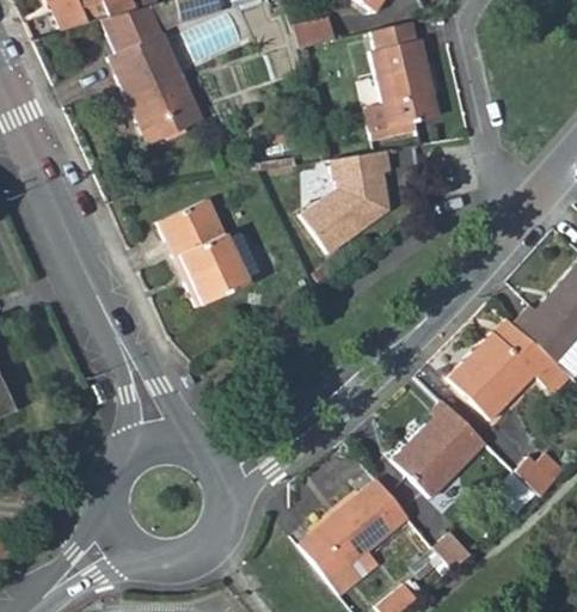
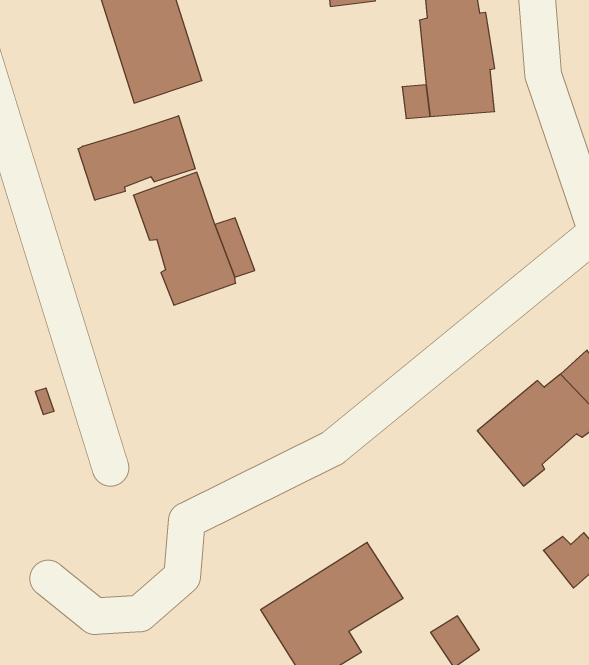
building: [306,149,395,252] -> none
building: none -> [78,116,195,200]
building: [388,402,478,494] -> none

